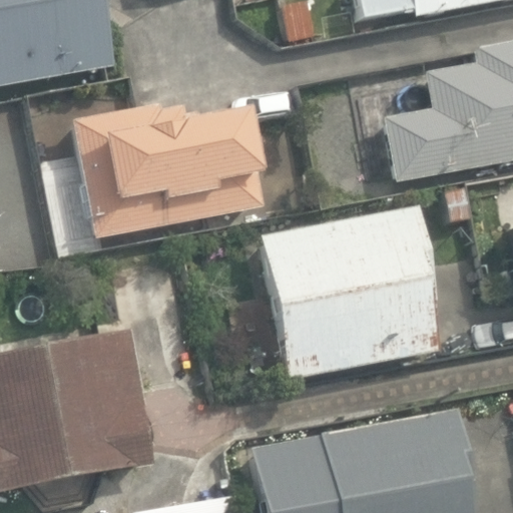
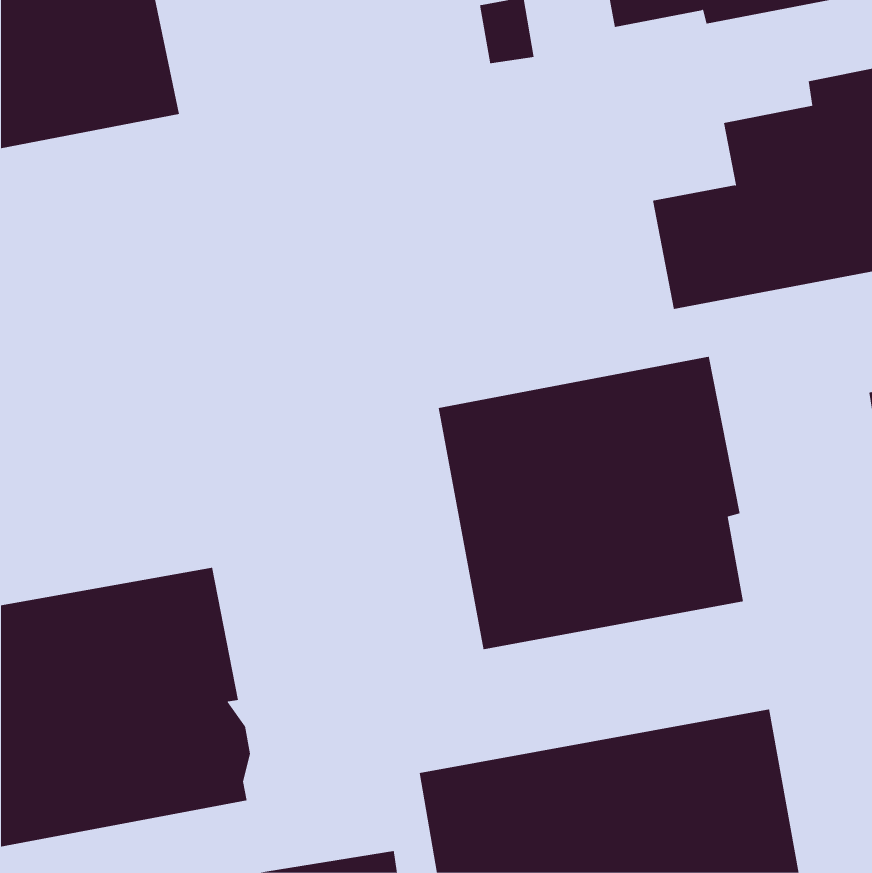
building: [72,102,260,235] -> none

